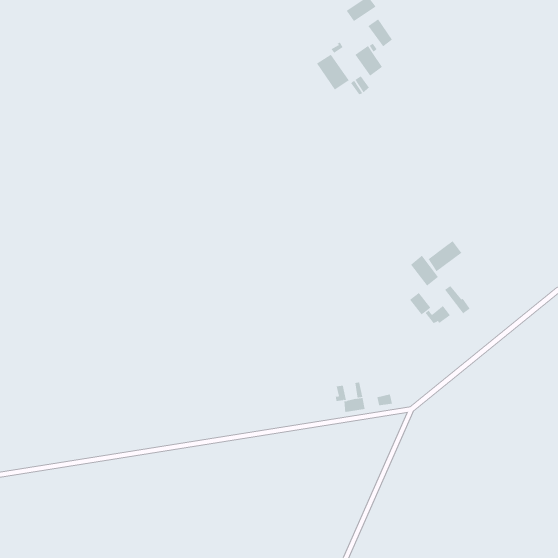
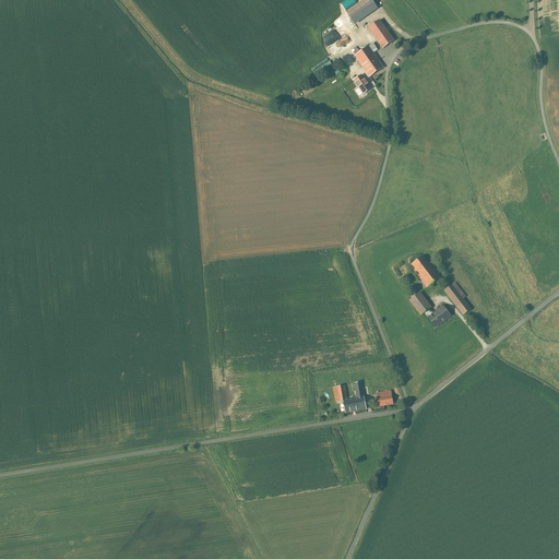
building: [316,54,350,91] -> none
building: [428,240,462,272] -> none

